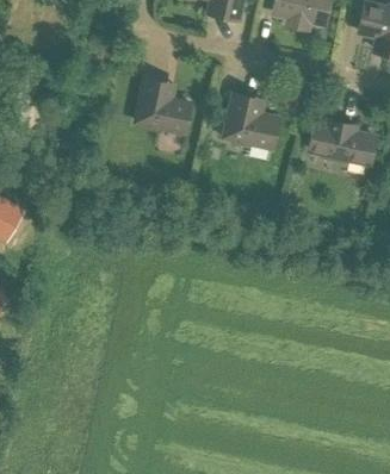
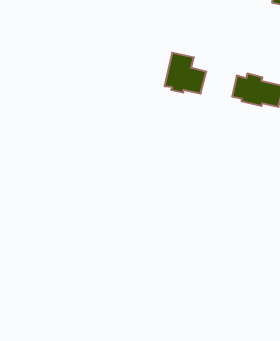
building: [137,81,190,132] -> none

